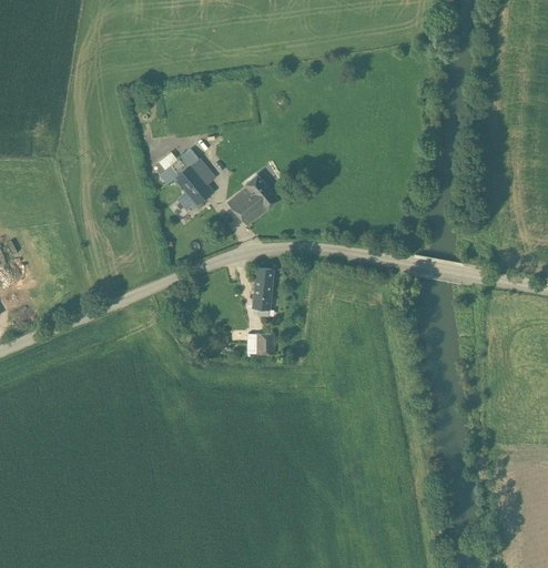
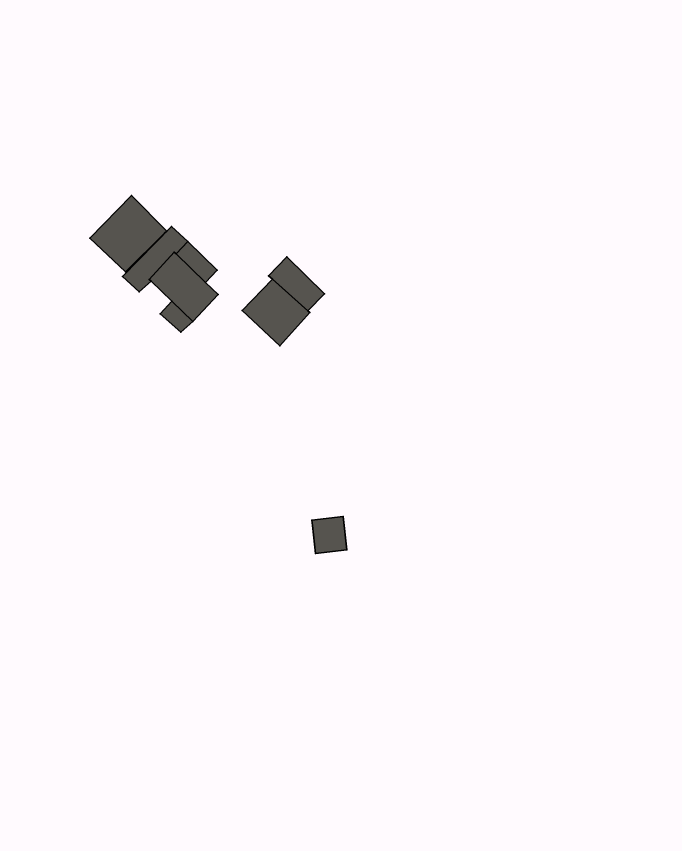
building: none -> [90,195,167,272]
building: [253,266,272,314] -> none

